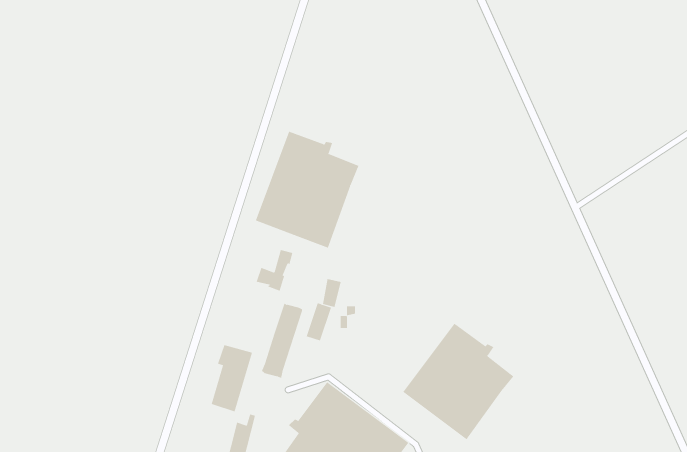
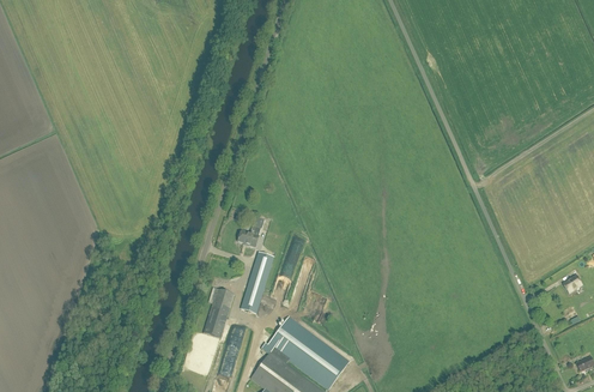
building: [255,131,359,249] -> none
building: [403,323,514,440] -> none

